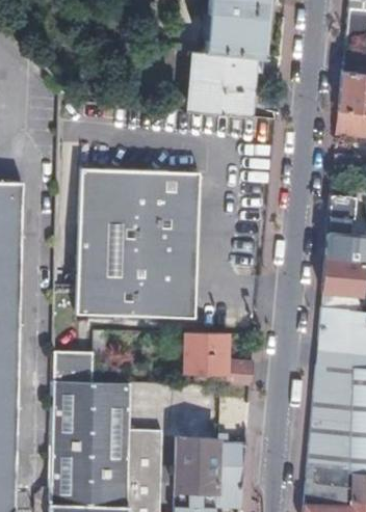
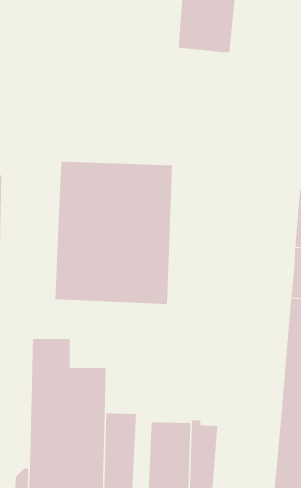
building: [191,51,254,117] -> none
building: [184,331,253,385] -> none

